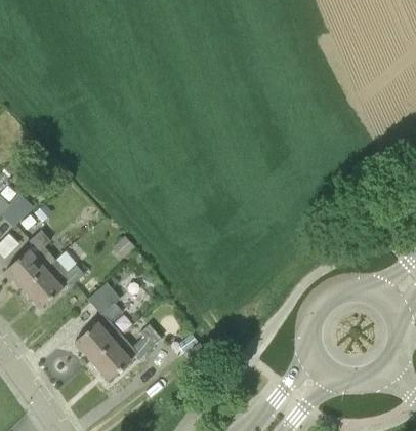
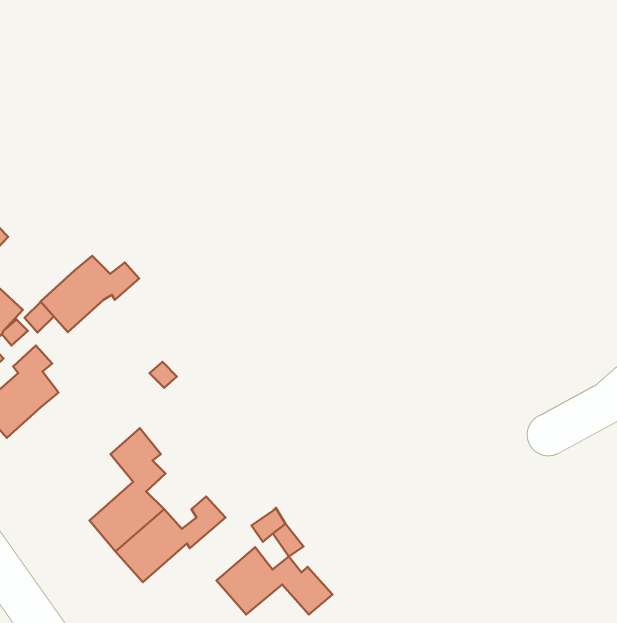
building: [22,261,84,309] -> [40,256,139,332]
building: none -> [217,547,333,614]

